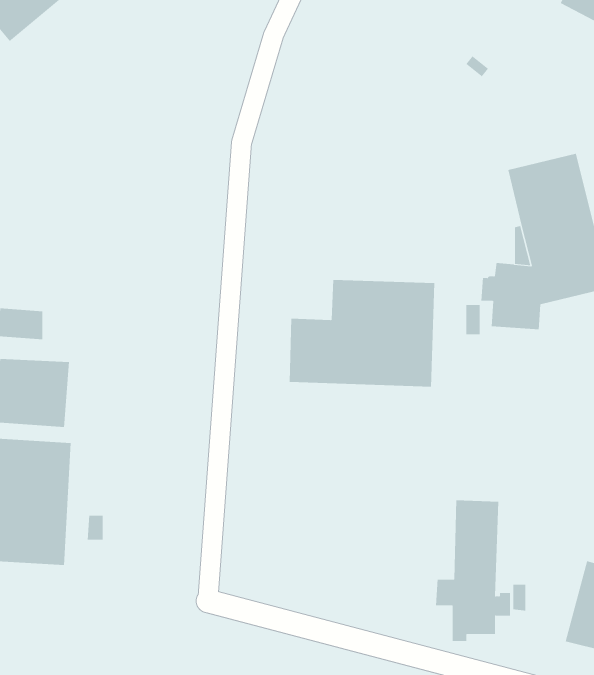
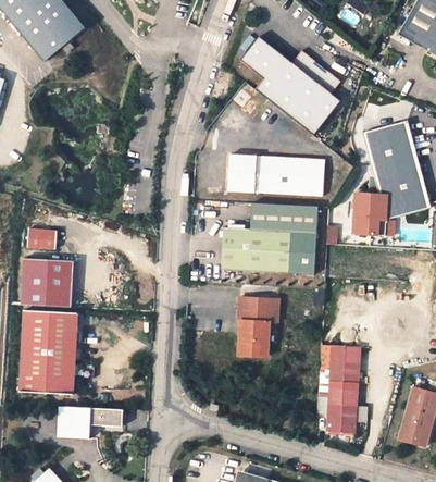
building: none -> [232,39,334,136]
building: none -> [226,160,322,198]
building: none -> [236,304,278,360]
building: none -> [63,405,126,436]

